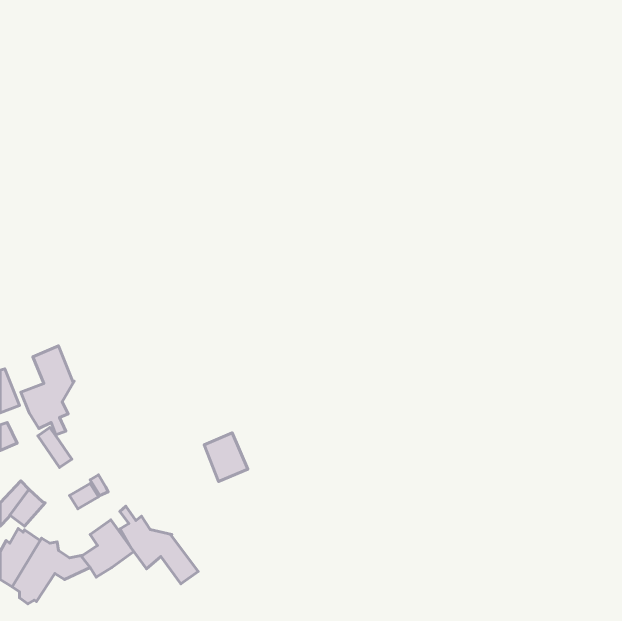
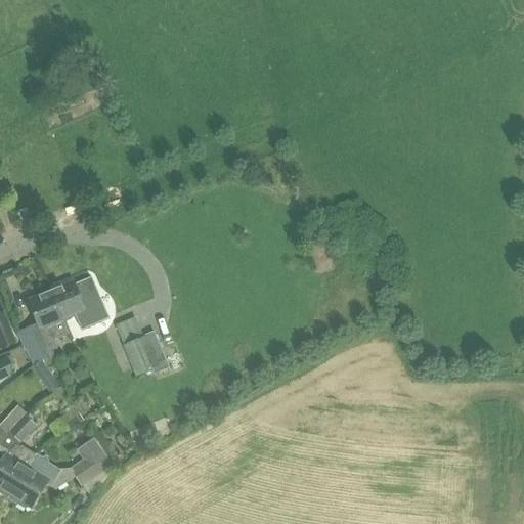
building: none -> [49,278,96,330]
building: [204,433,248,481] -> [123,335,160,376]
building: [120,506,198,584] -> none

